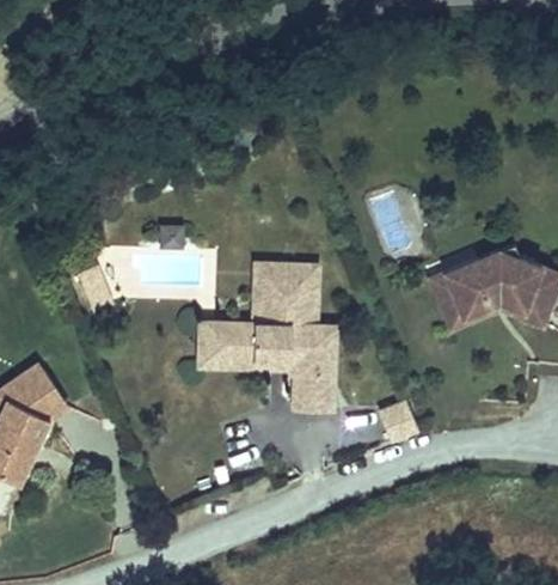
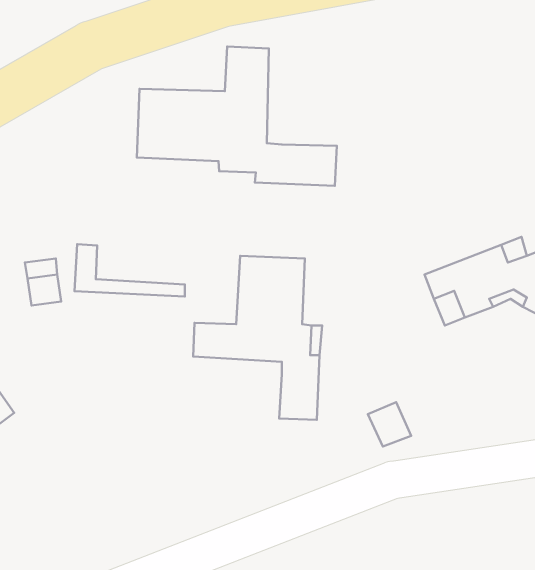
building: none -> [137,47,337,186]
building: [204,324,302,371] -> [74,244,185,297]

